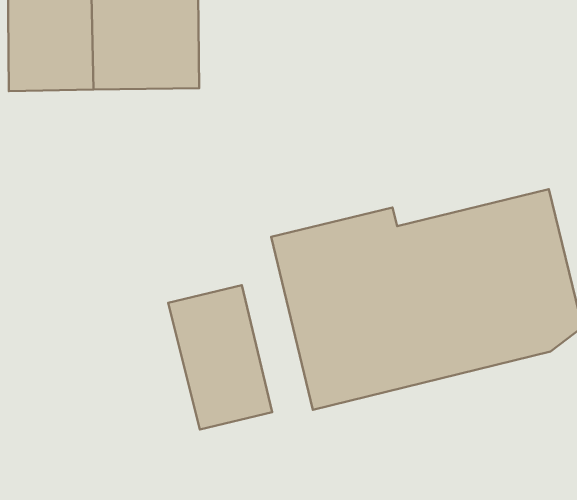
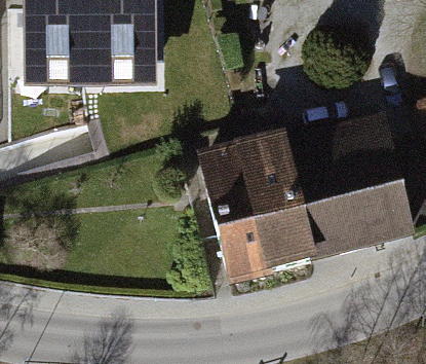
building: [168,285,272,429] -> none

